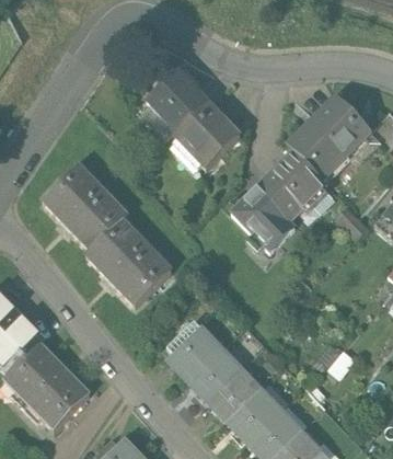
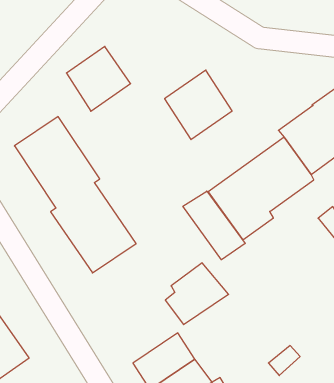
building: [149,69,210,131] -> [66,46,131,111]
building: none -> [183,191,245,260]
building: [166,323,224,383] -> [165,263,229,325]

